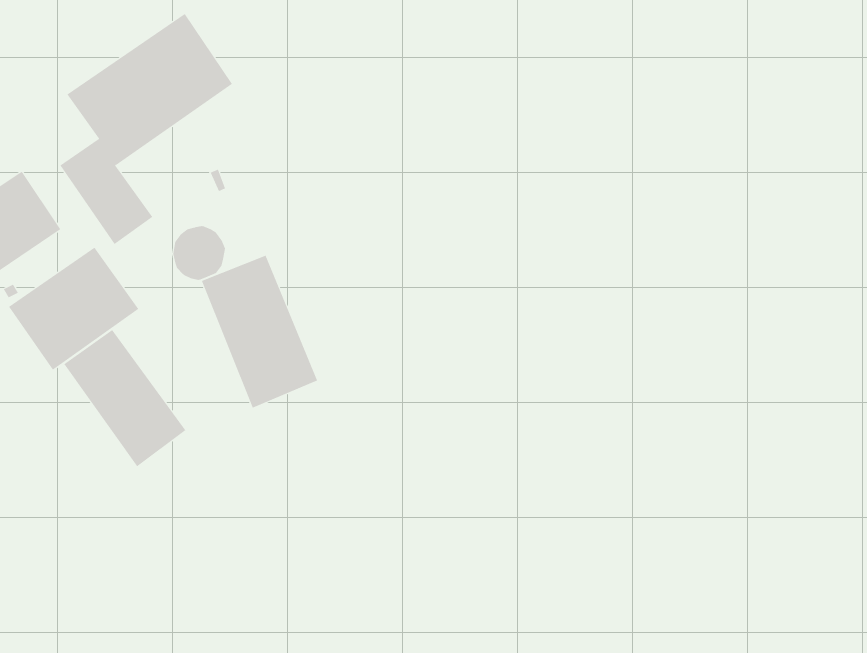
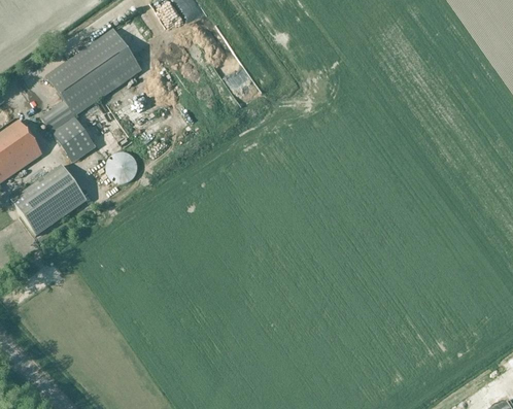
building: [201,255,318,408] -> none
building: [63,329,186,467] -> none

